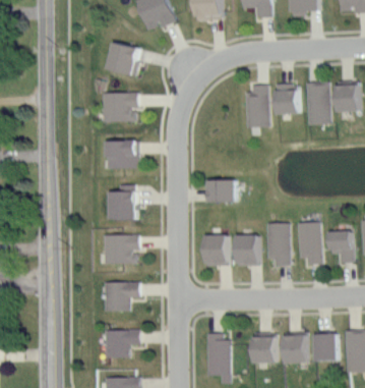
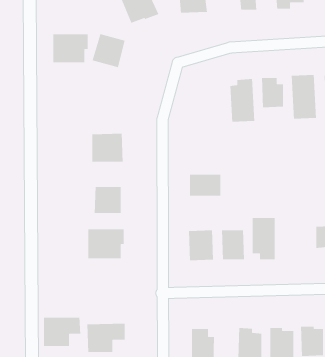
building: [104,92,139,121] -> [52,33,88,63]
building: [298,221,322,265] -> none
building: [104,280,141,310] -> [43,317,81,347]

